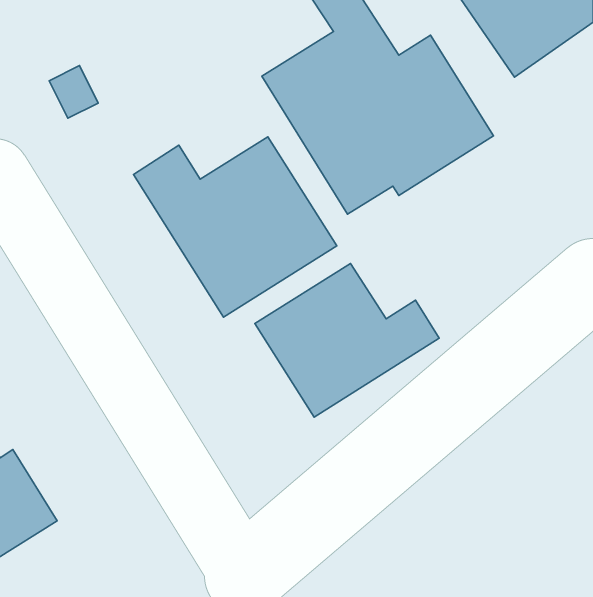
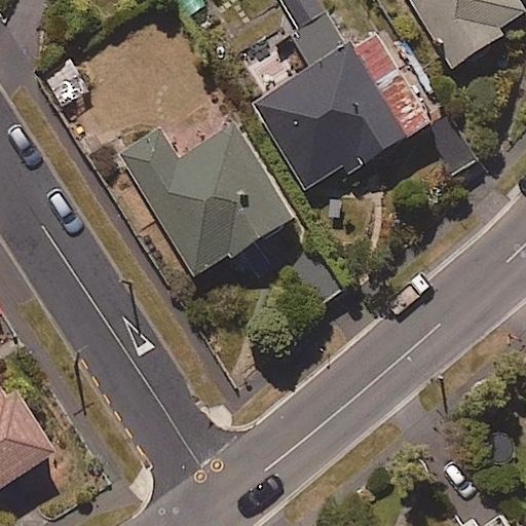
building: [255,263,439,417] -> none

